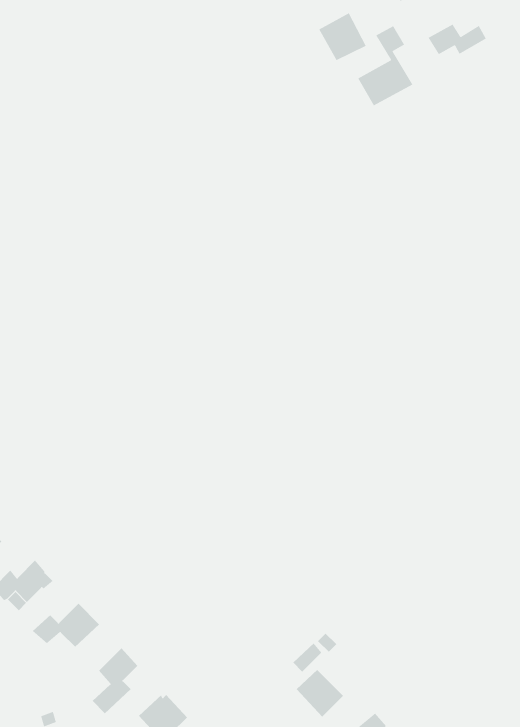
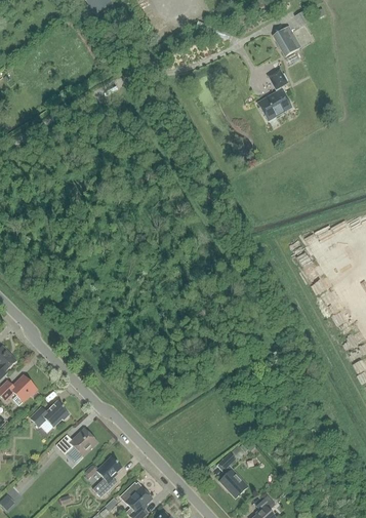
building: [318,12,367,61] -> none
building: [428,24,487,55] -> none

